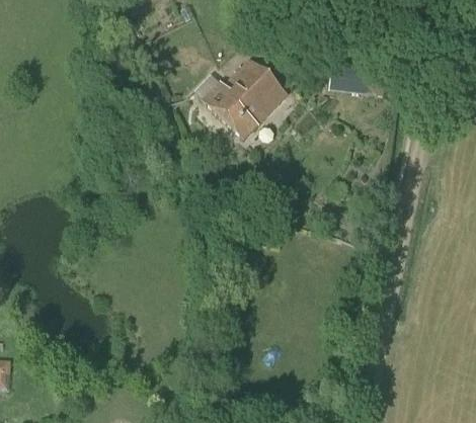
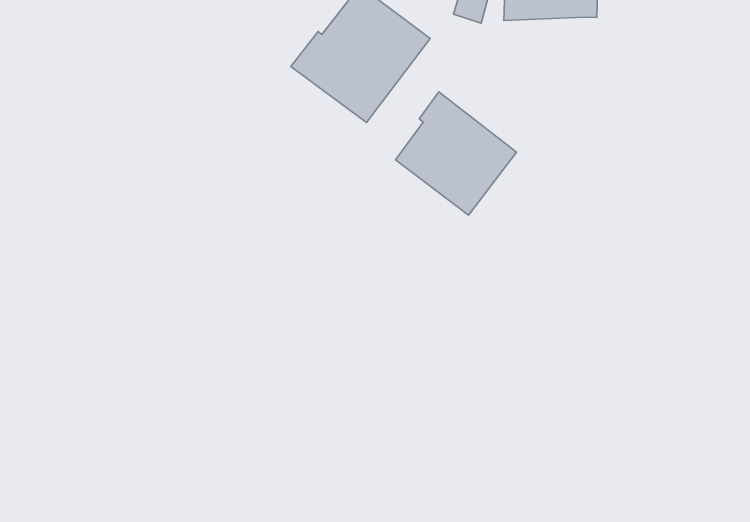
building: none -> [396,92,517,215]

